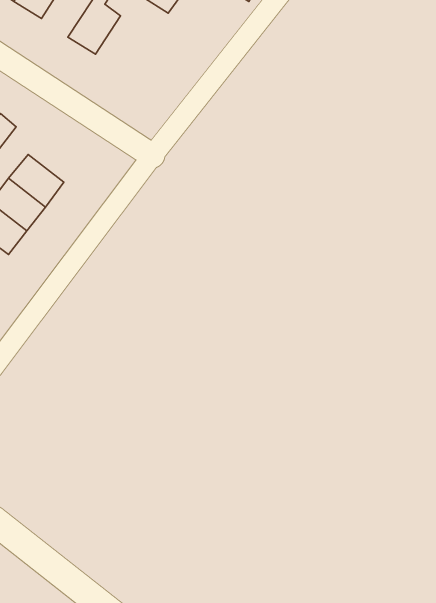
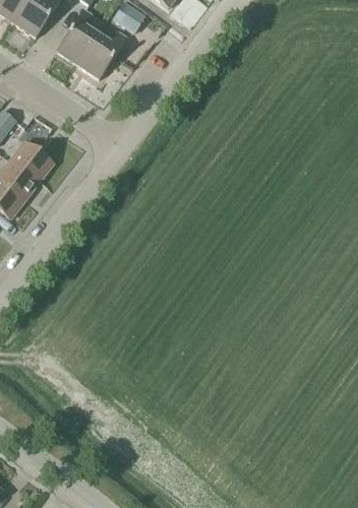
building: none -> [77,30,126,77]

